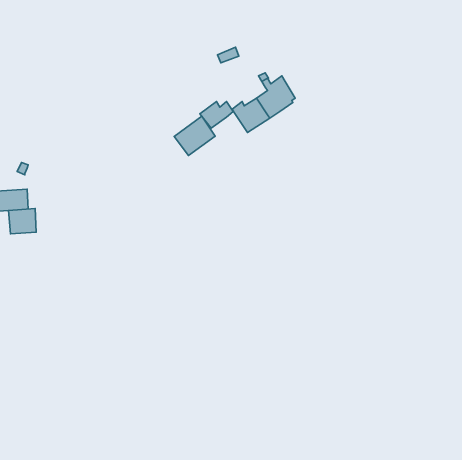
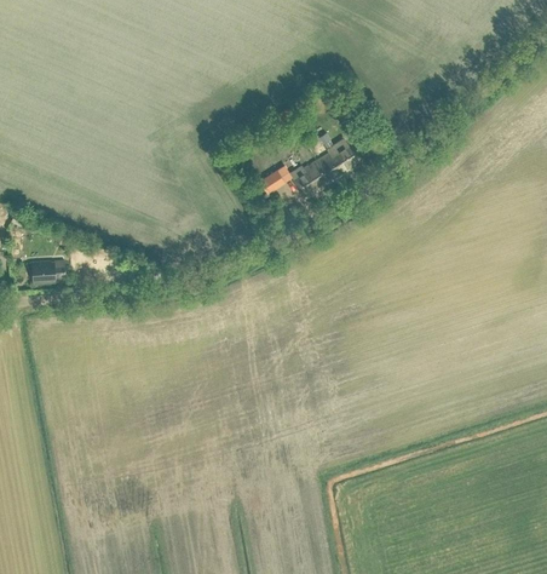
building: [174,116,215,156] -> none
building: [8,209,36,234] -> none

